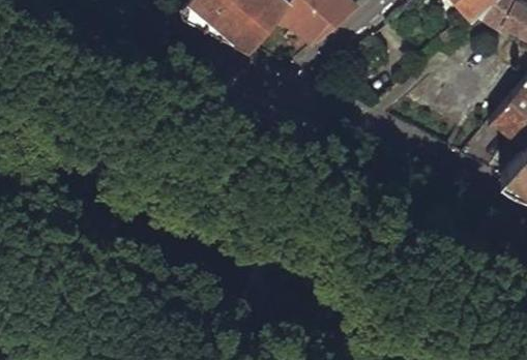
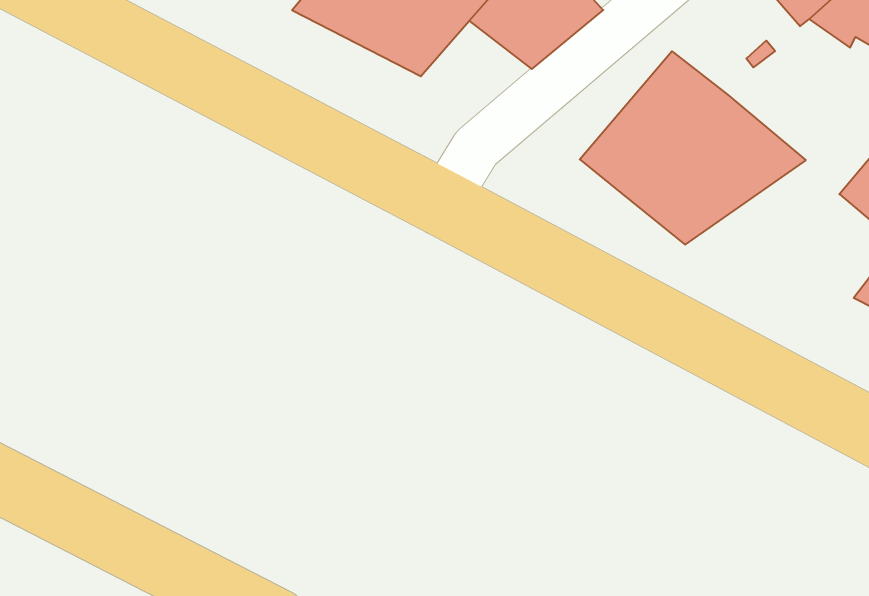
building: none -> [580,51,806,245]

